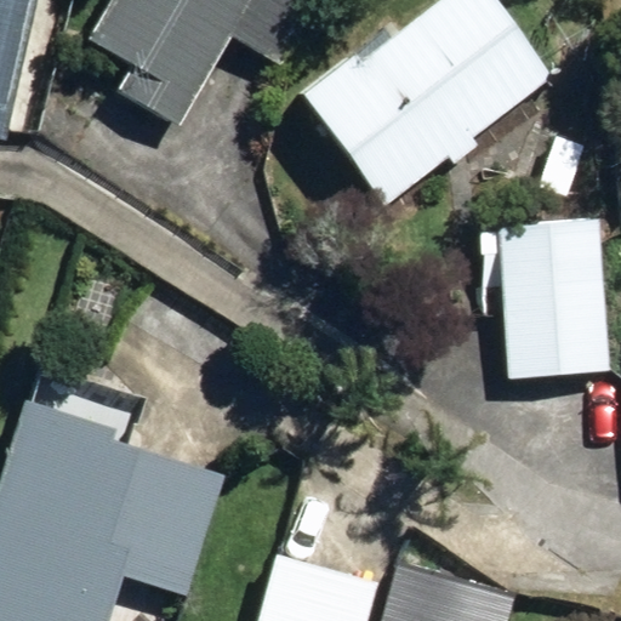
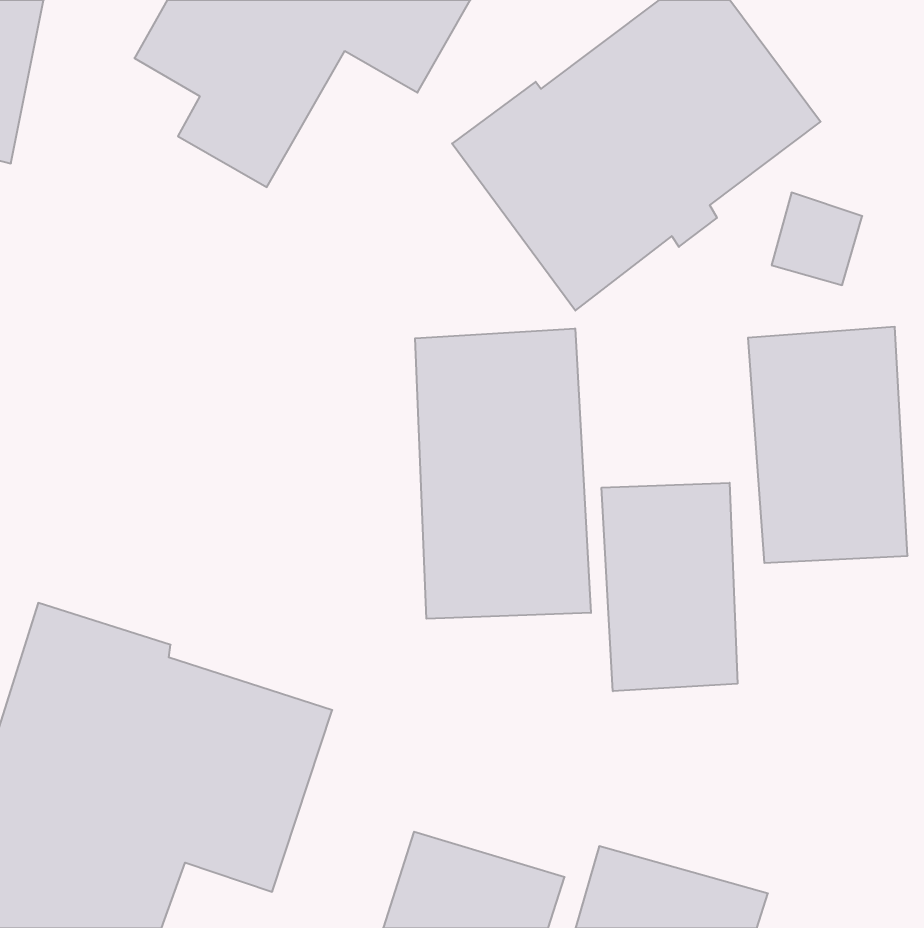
building: none -> [415,328,591,619]
building: none -> [602,483,737,691]

